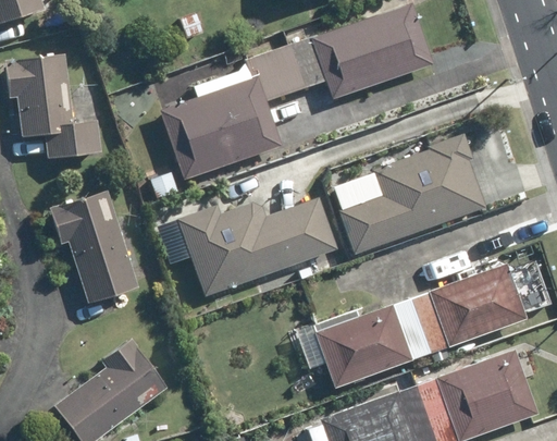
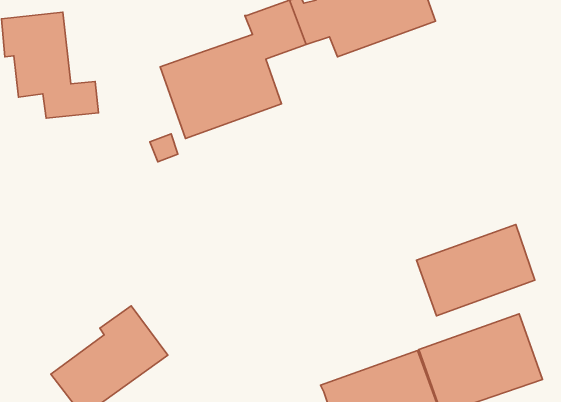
building: [341,135,475,247] -> none
building: [50,193,140,305] -> none
building: [182,204,331,295] -> none
building: [315,298,431,387] -> none

